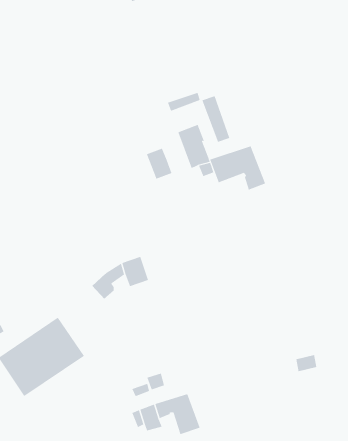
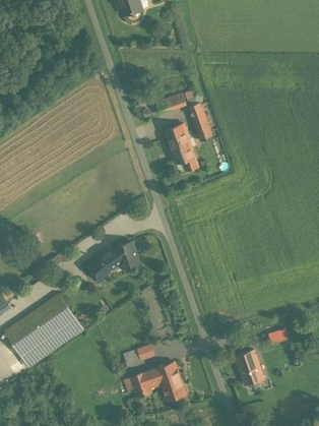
building: [210,145,266,191] -> none
building: [146,148,172,179] -> none
building: none -> [236,350,264,385]

